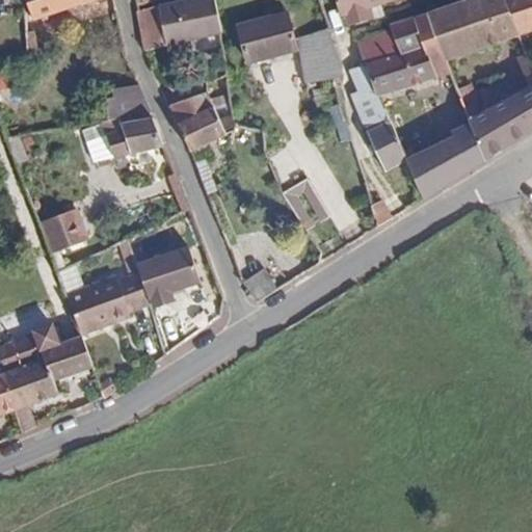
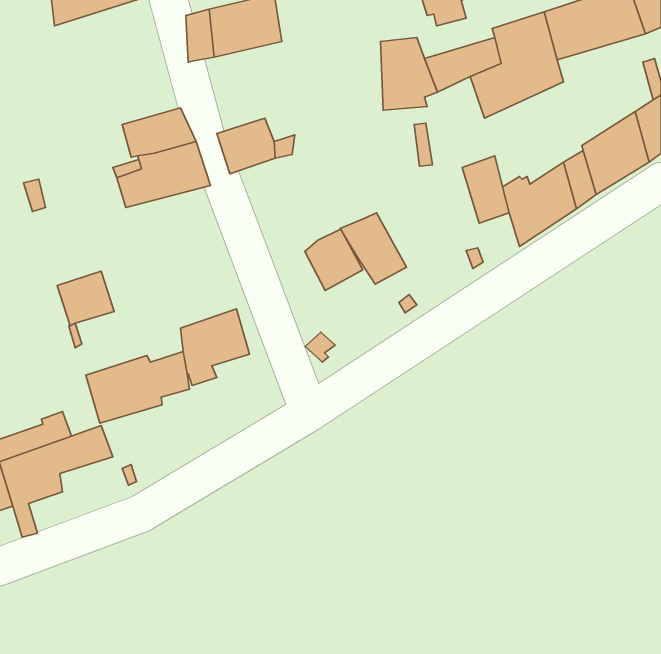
building: [239,15,297,63] -> none
building: [350,61,396,134] -> none
building: none -> [305,229,363,290]

